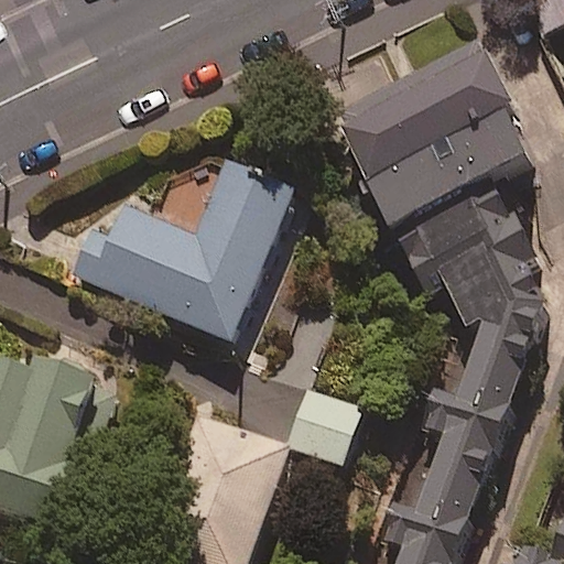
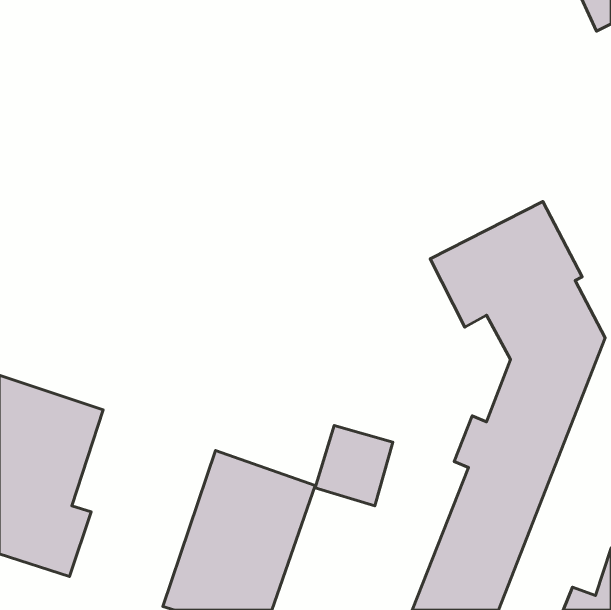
building: [330,43,529,224] -> none
building: [75,160,295,338] -> none

